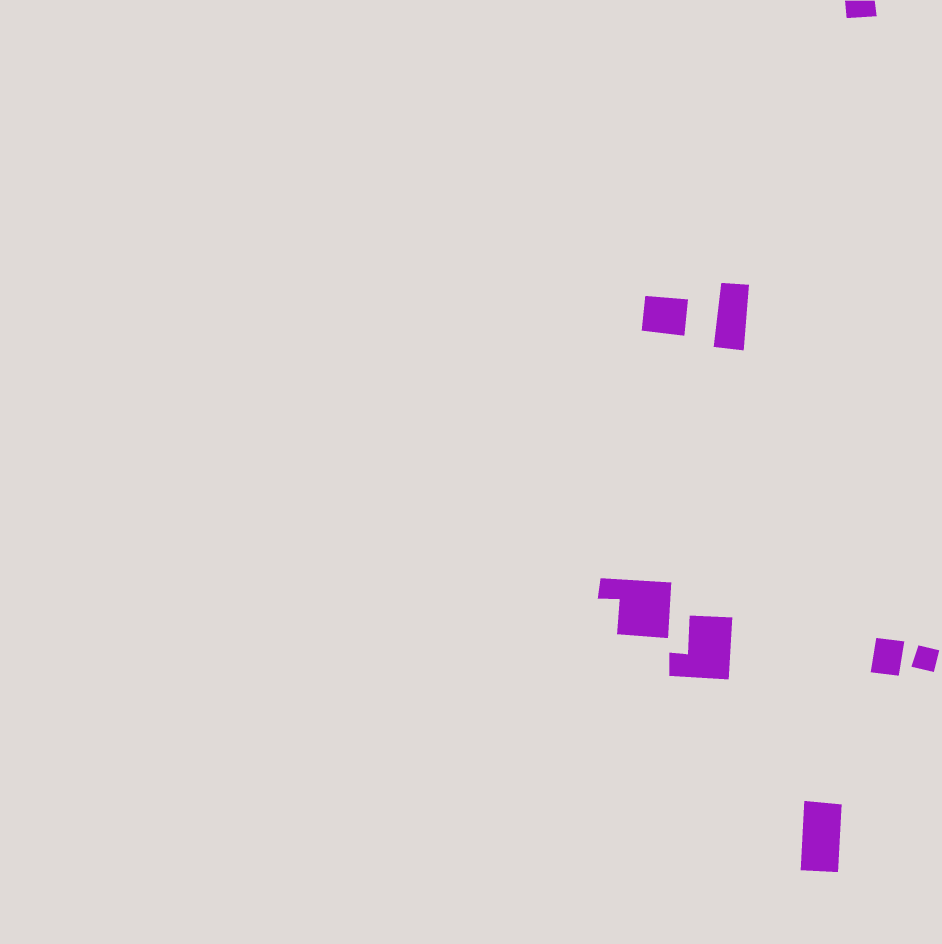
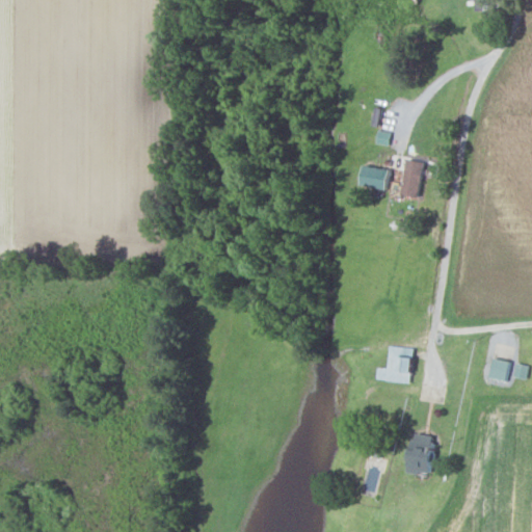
building: [597,578,672,639] -> none
building: [800,800,842,872] -> [408,433,432,474]

